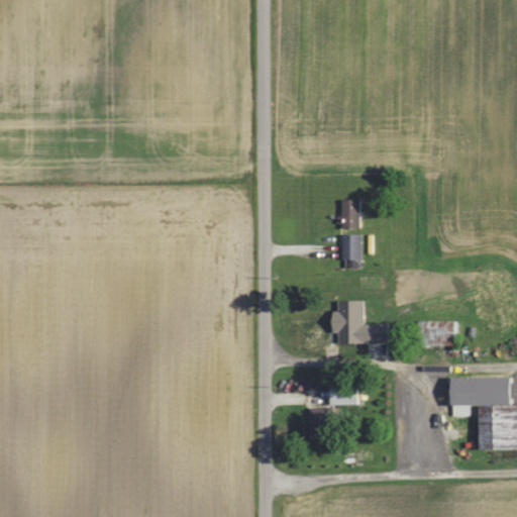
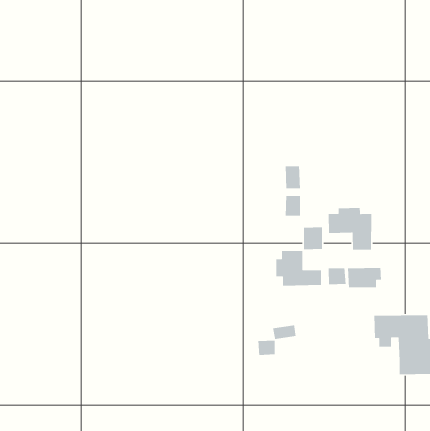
building: none -> [328,207,372,251]
building: none -> [303,227,323,250]
building: none -> [328,268,346,285]

